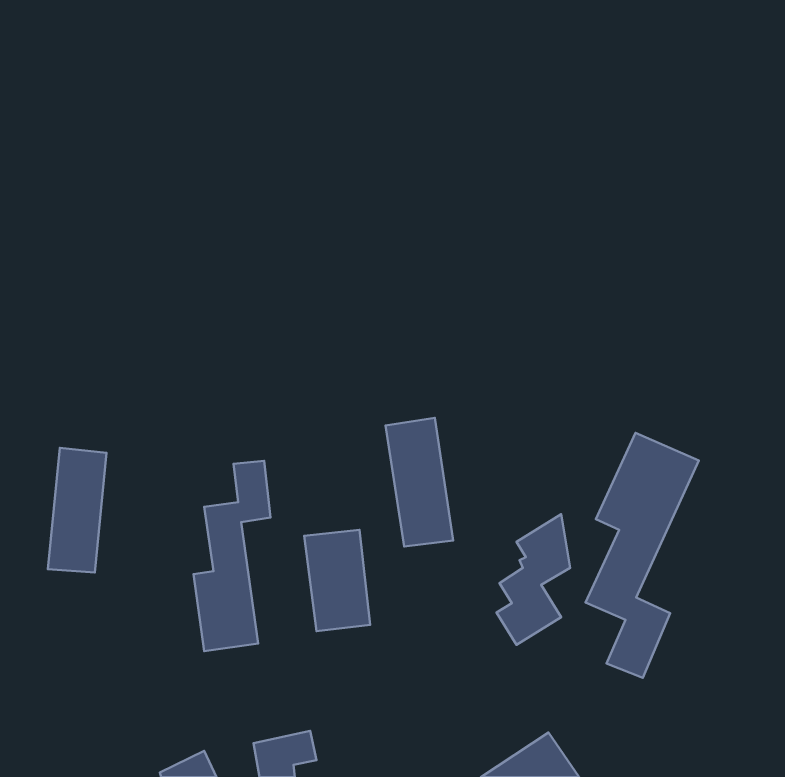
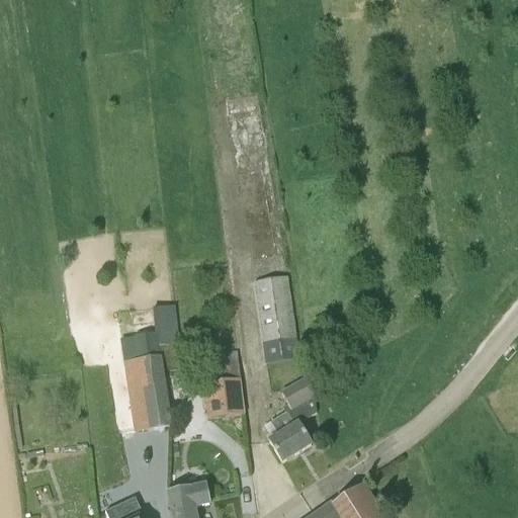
building: [586,433,699,678] -> none
building: [48,448,107,573] -> none
building: [497,514,570,645] -> [268,374,317,460]

